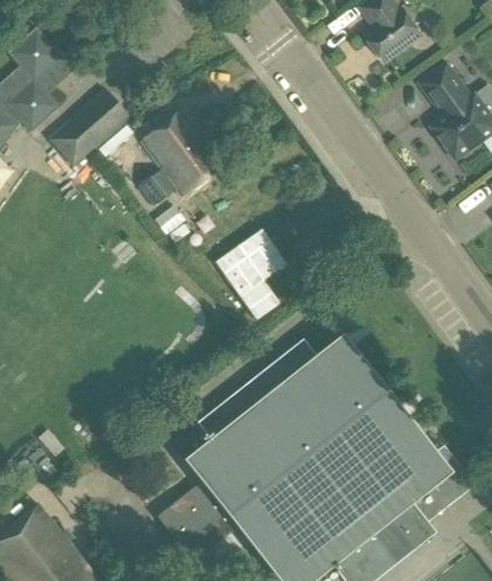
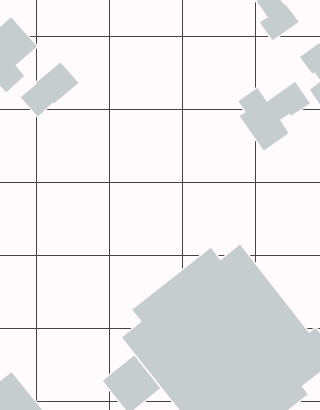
building: [139,109,225,205] -> none
building: none -> [237,81,311,151]
building: [215,225,286,315] -> none

